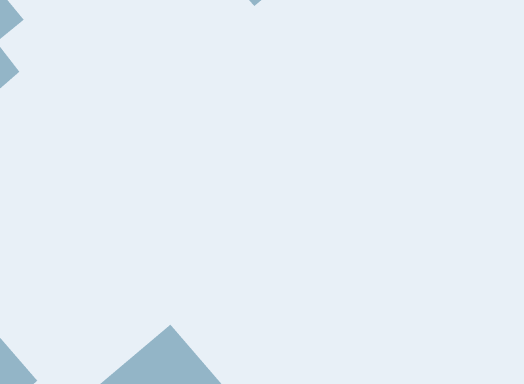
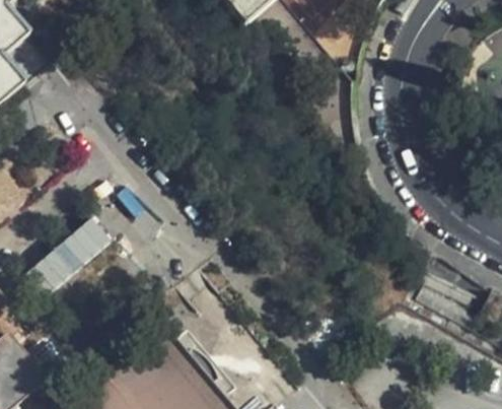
building: none -> [20,217,111,299]

